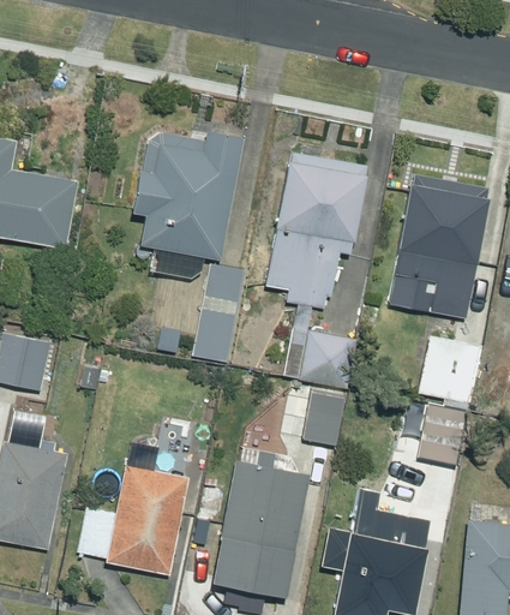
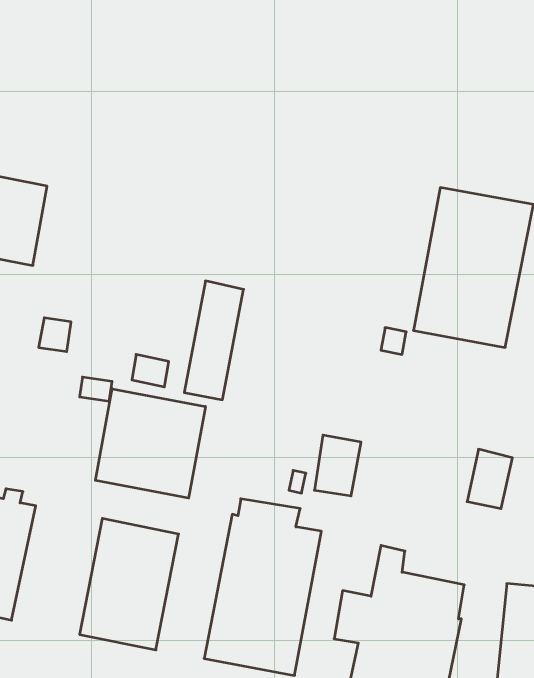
building: [131,131,244,261] -> none
building: [264,162,367,309] -> none
building: [299,332,356,389] -> none
building: [418,336,481,402] -> none
building: none -> [95,389,205,498]

